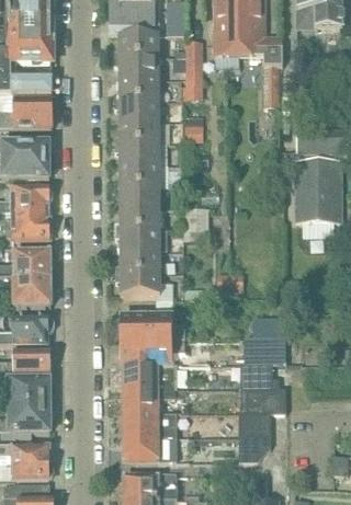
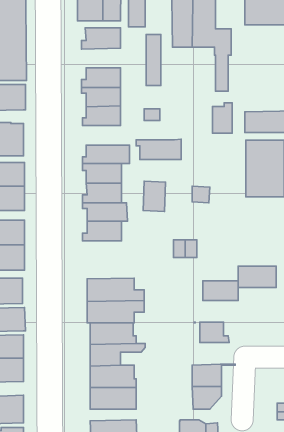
building: [114,58,158,80] -> none
building: none -> [212,103,232,133]
building: [115,144,166,167] -> [136,139,181,160]
building: [115,274,159,296] -> none
building: [244,341,286,365] -> [238,266,276,288]
building: [238,388,286,413] -> none

